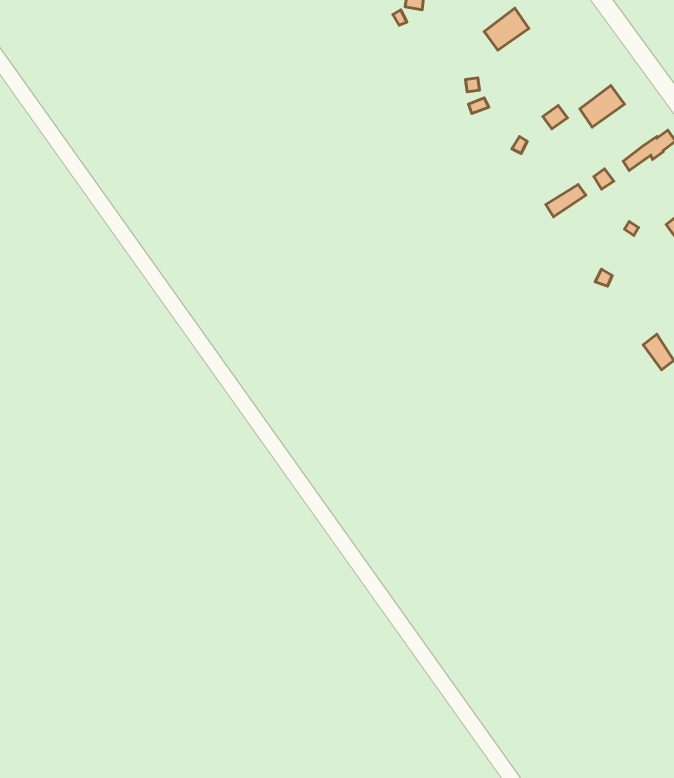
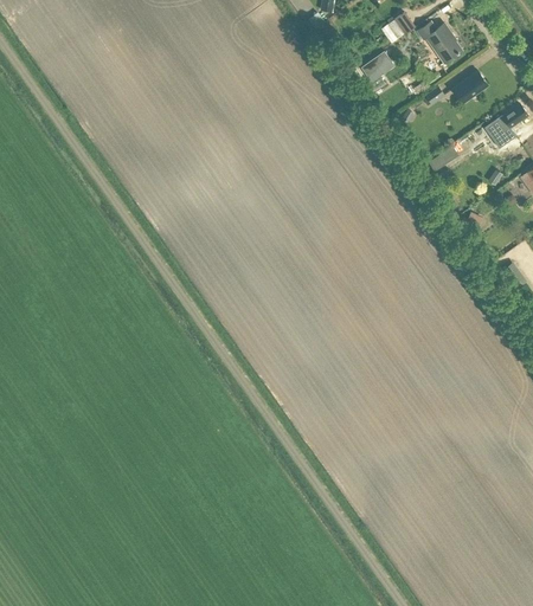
building: none -> [417,21,462,64]

